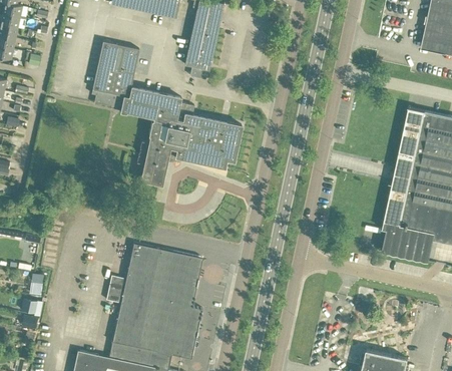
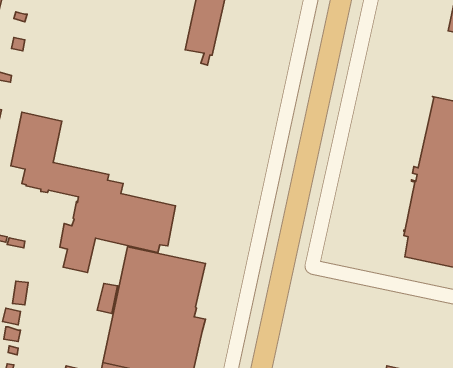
building: [92,41,241,186] -> [11,112,176,273]

